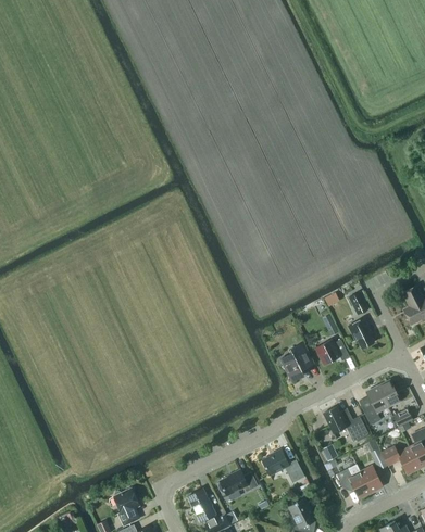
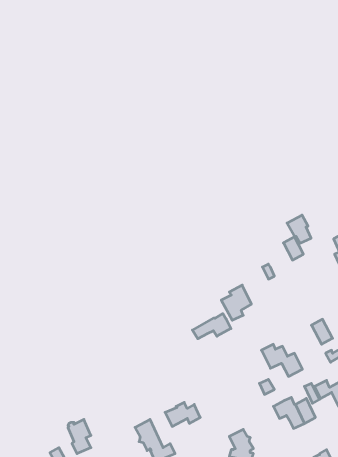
building: [348,318,374,349] -> [287,215,311,243]
building: [315,340,350,366] -> none
building: none -> [192,314,231,339]
building: [364,387,389,425] -> none
building: [262,449,304,483] -> none

